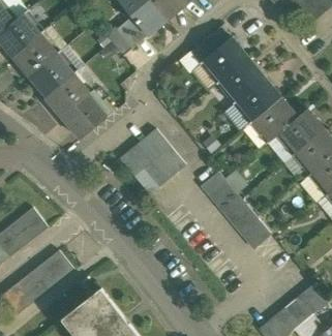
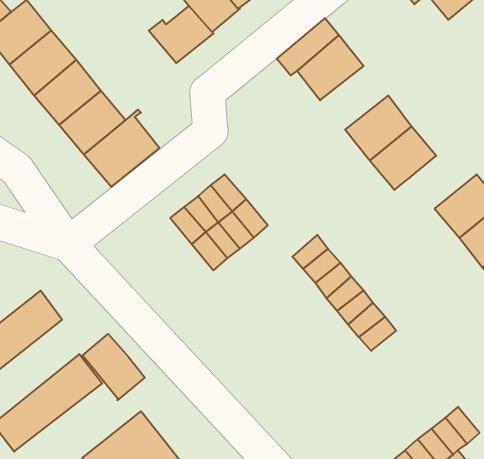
building: [219,58,265,100] -> none
building: [279,110,324,153] -> none
building: none -> [82,334,145,400]

